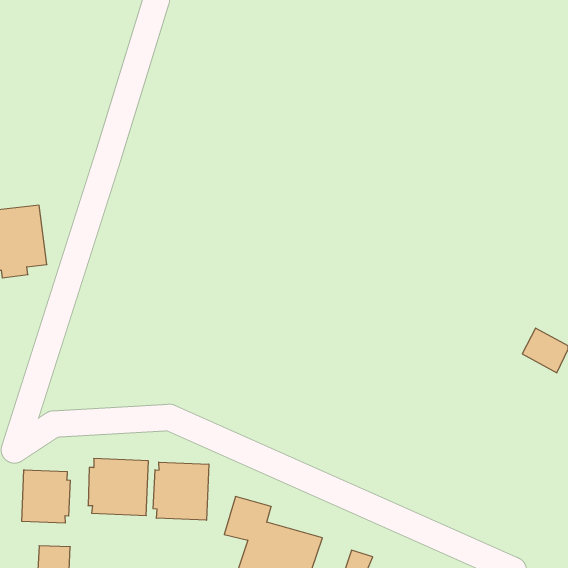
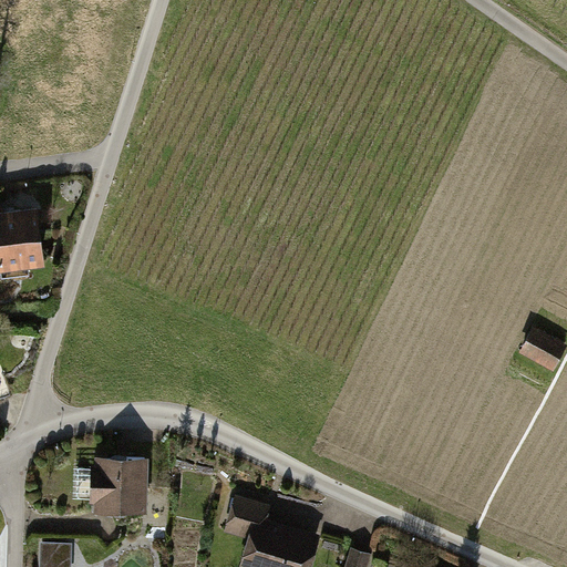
building: [153,462,209,520] -> none
building: [22,470,70,523] -> none

